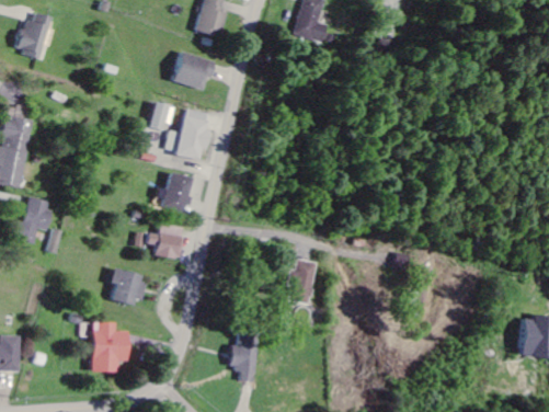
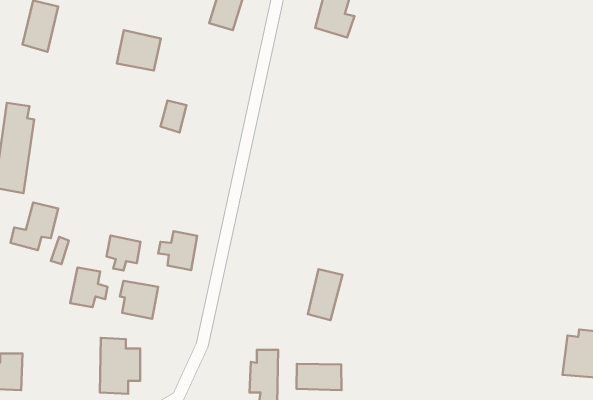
building: [172,52,213,89] -> [117,30,161,71]
building: [164,108,209,158] -> none
building: [160,171,194,213] -> none
building: none -> [107,235,141,270]
building: none -> [70,267,108,307]
building: none -> [296,364,342,390]

